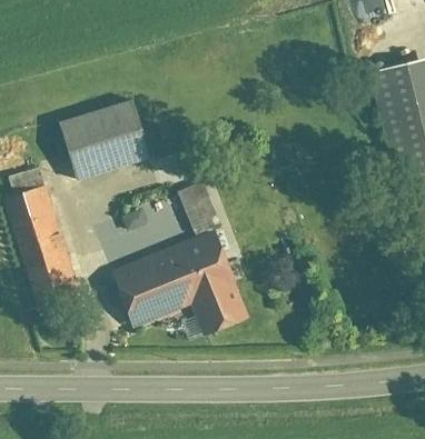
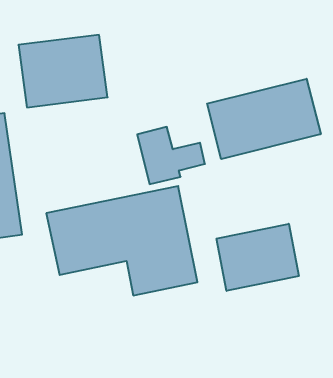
building: none -> [207,79,321,159]
building: none -> [217,224,299,291]

